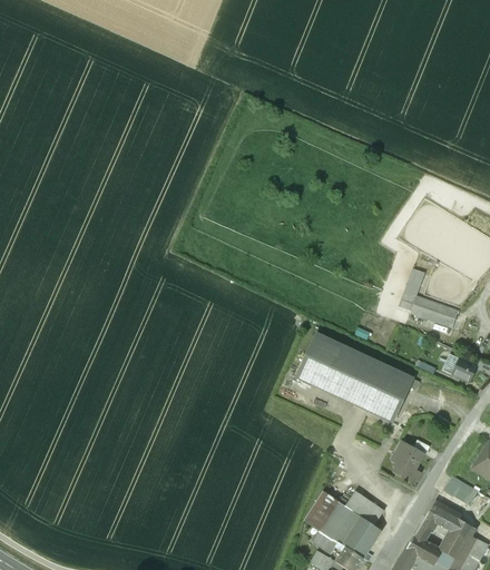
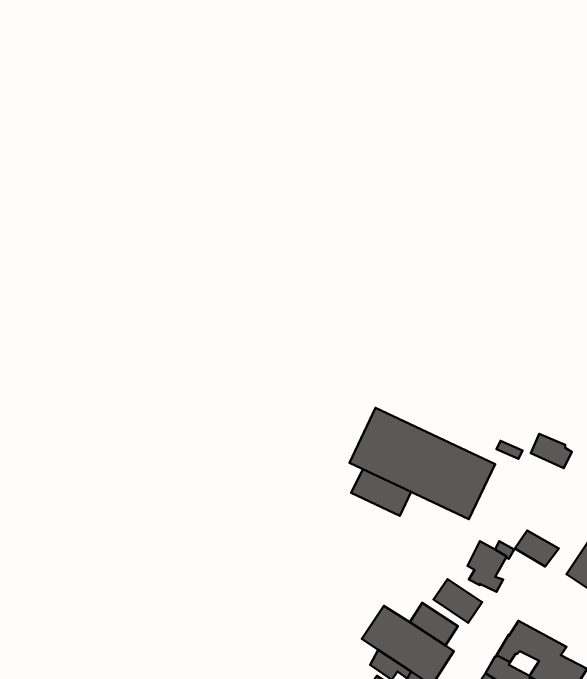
building: [396,268,458,328] -> none
building: none -> [351,469,411,516]
building: none -> [434,579,482,623]
building: [442,476,478,505] -> [515,531,559,566]

